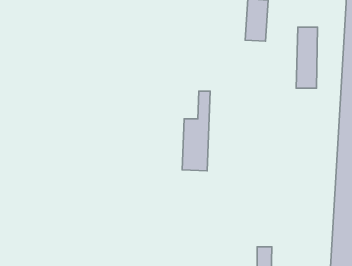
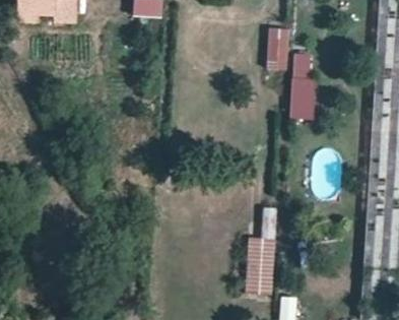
building: [296,27,318,88] -> [292,55,316,122]
building: [182,91,210,171] -> [248,209,278,297]

